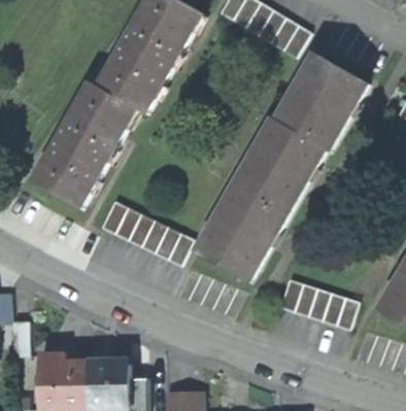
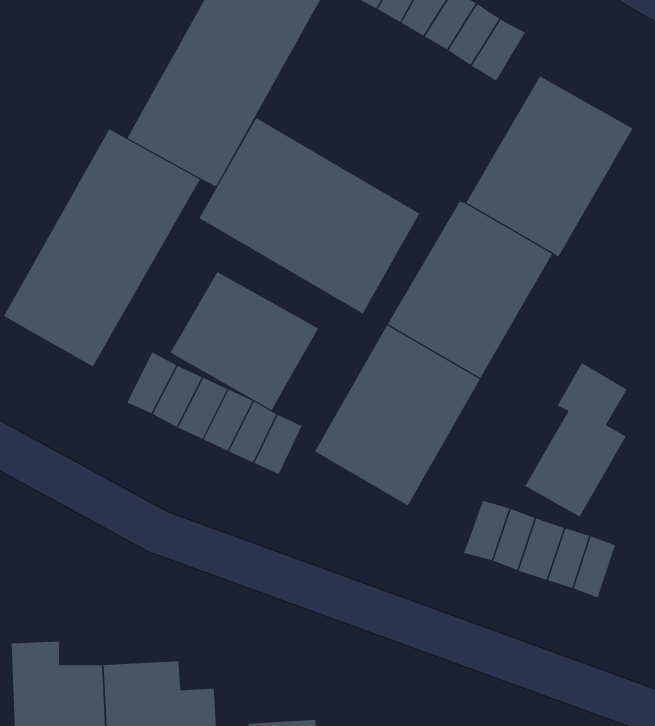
building: none -> [199,117,420,314]
building: none -> [170,271,319,411]
building: none -> [525,362,627,518]

